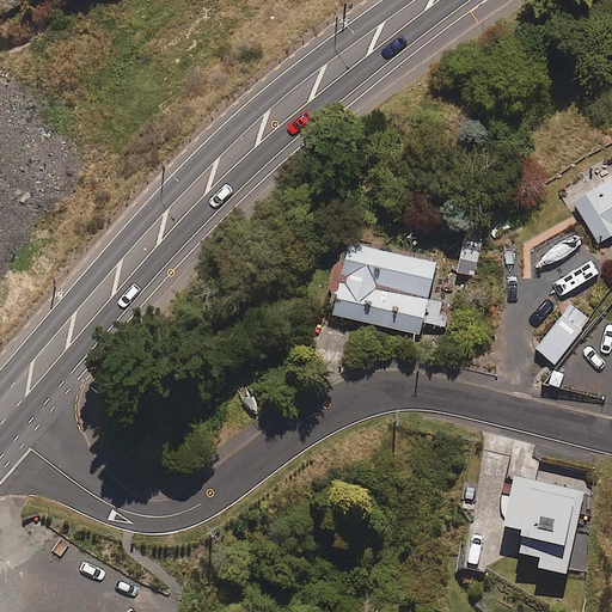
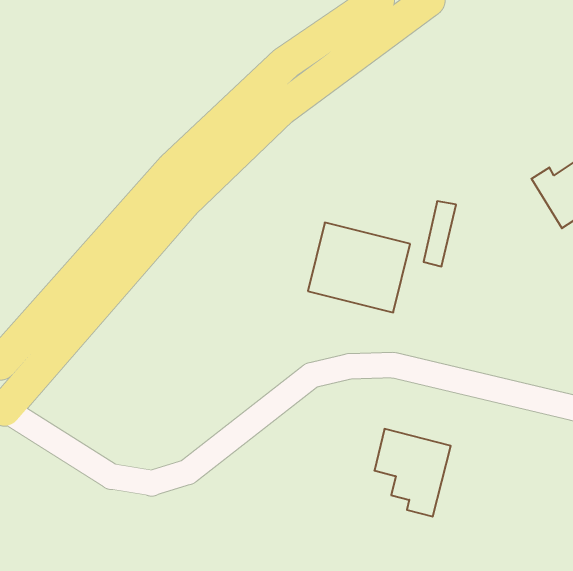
building: [534,305,589,367] -> none
building: [503,476,585,569] -> [374,429,451,517]

